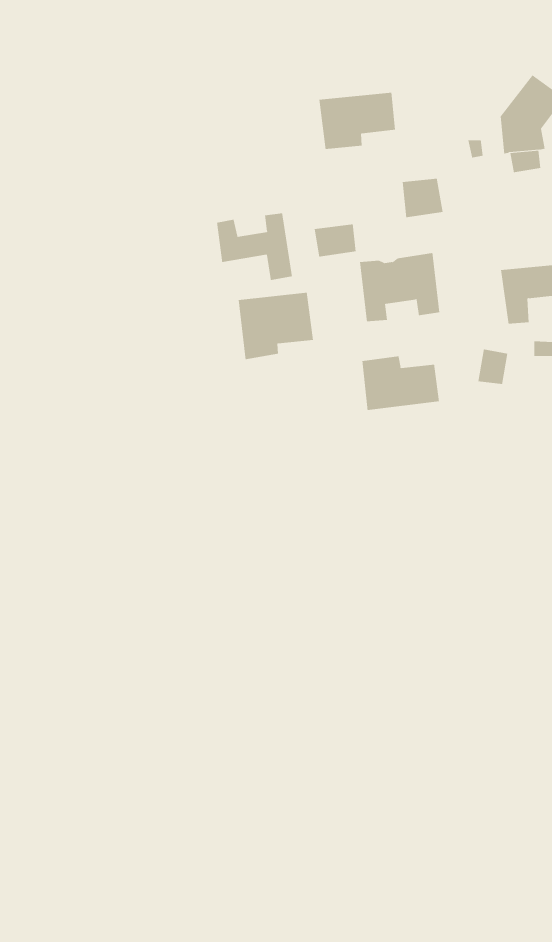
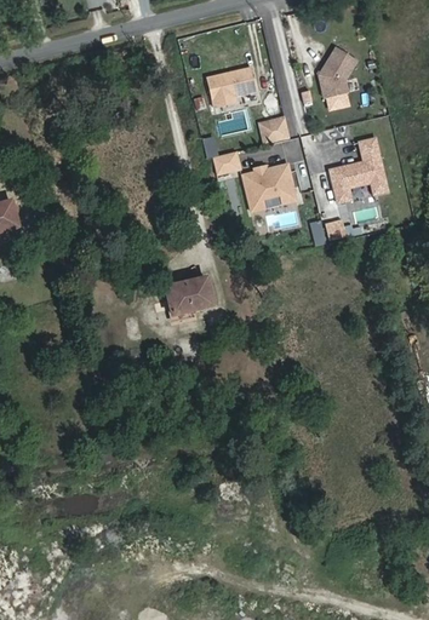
building: [217,213,293,281] -> none
building: [238,292,314,360] -> [165,276,215,322]
building: [362,356,439,411] -> none

